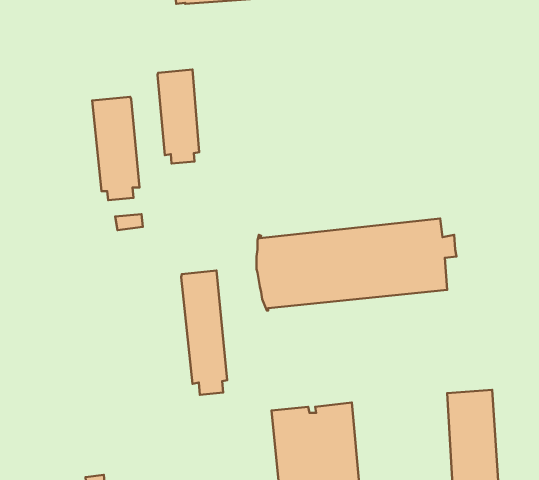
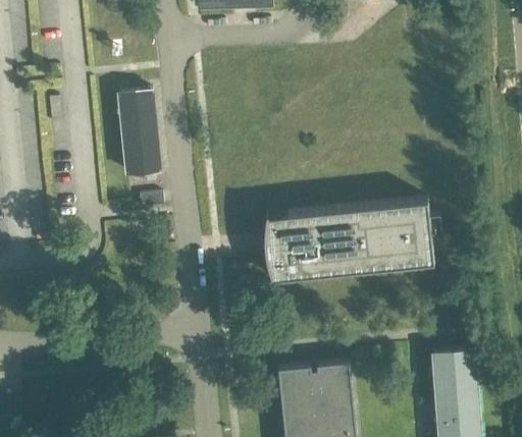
building: [157,70,199,164] -> none
building: [181,270,227,395] -> none

